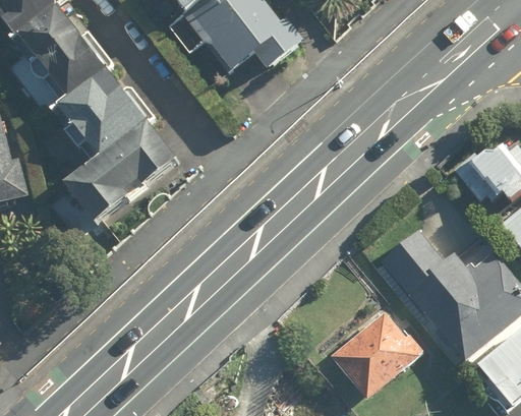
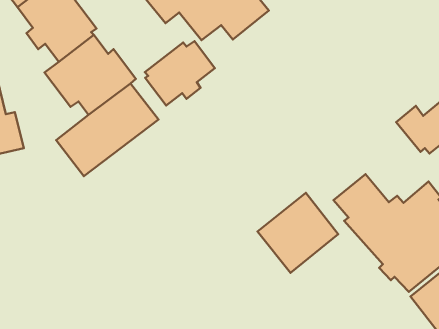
building: none -> [145,41,215,106]
building: [329,307,420,398] -> [257,193,338,273]

